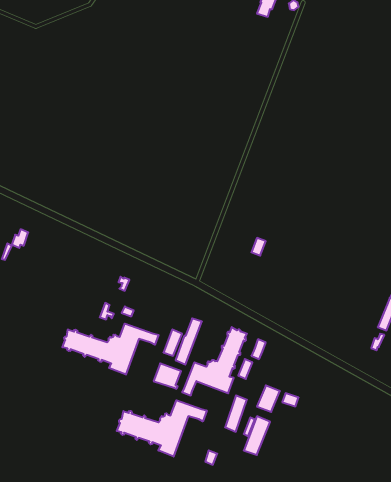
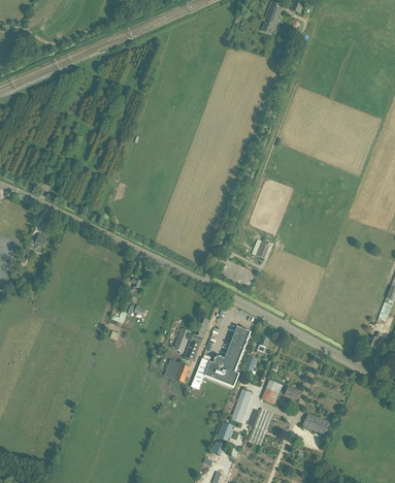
building: [62,324,159,375] -> none
building: [117,400,207,457] -> none
building: none -> [301,412,330,436]

